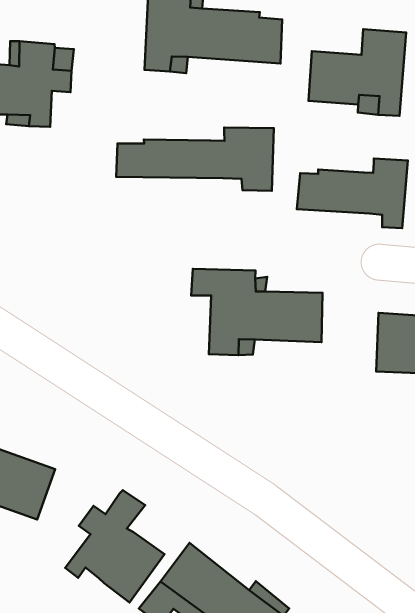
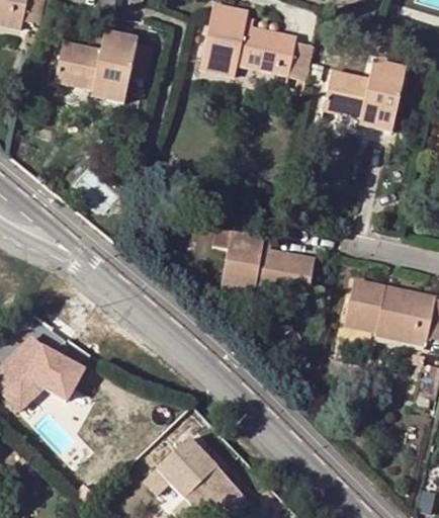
building: [116,127,274,191] -> none
building: [297,158,408,228] -> none
building: [65,490,164,602] -> none

